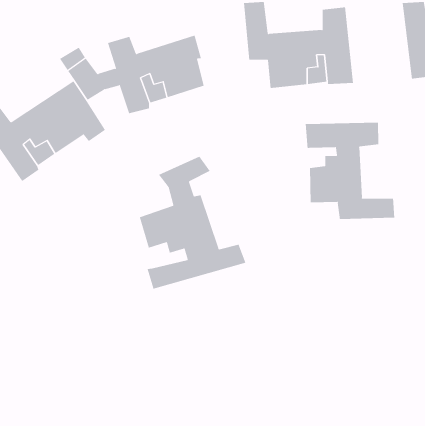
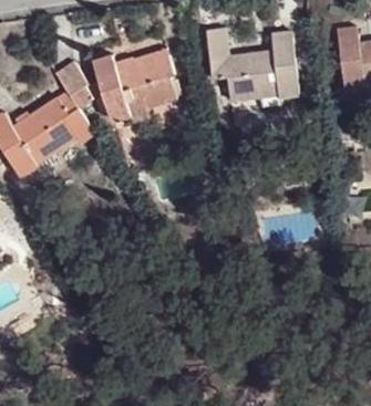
building: [305,122,395,220] -> none
building: [139,156,246,290] -> none

